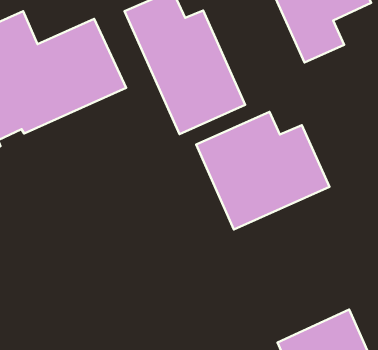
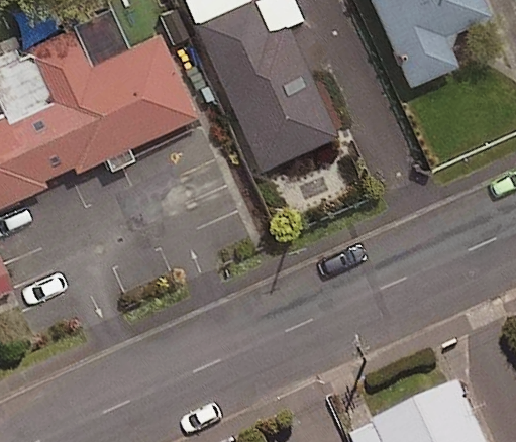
building: [196,112,330,229] -> none

